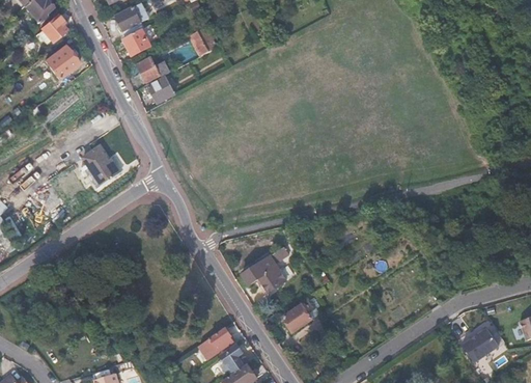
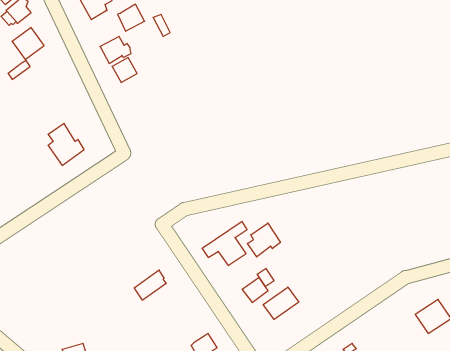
building: [123,28,151,56] -> [118,4,145,31]
building: none -> [247,223,280,257]
building: none -> [263,287,299,319]
building: [200,328,233,359] -> [134,270,166,300]
building: [222,345,245,373] -> none

